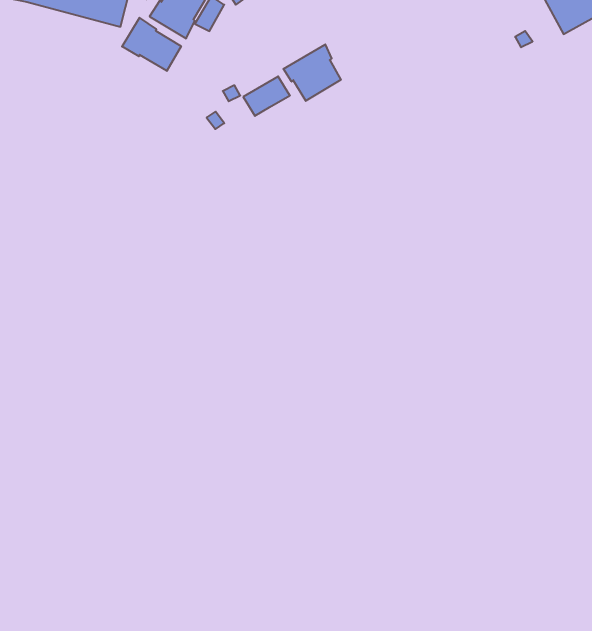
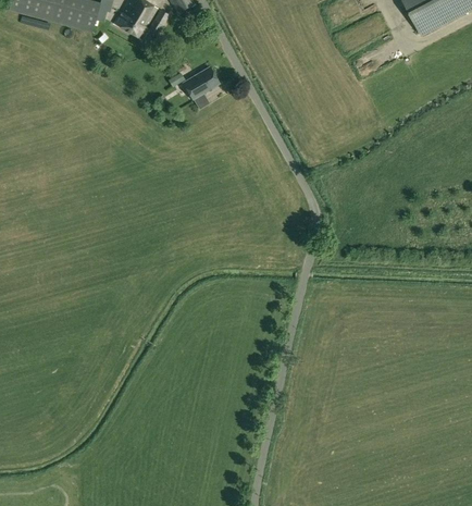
building: [122,18,181,71] -> none
building: [283,44,341,101] -> none

